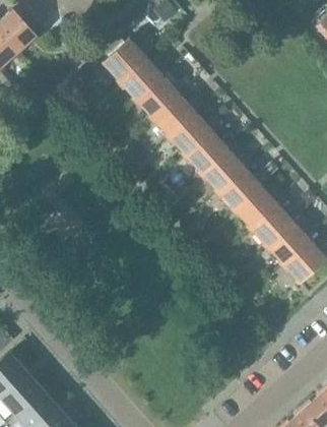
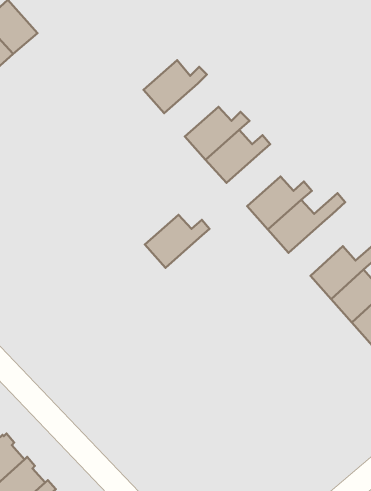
building: [103,40,153,81] -> none
building: [136,76,187,118] -> none
building: [185,131,236,173] -> [145,215,210,268]
building: [234,186,284,228] -> none

